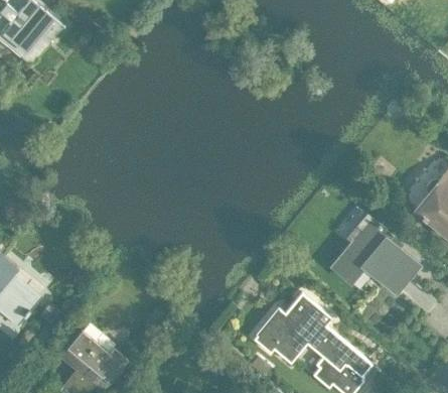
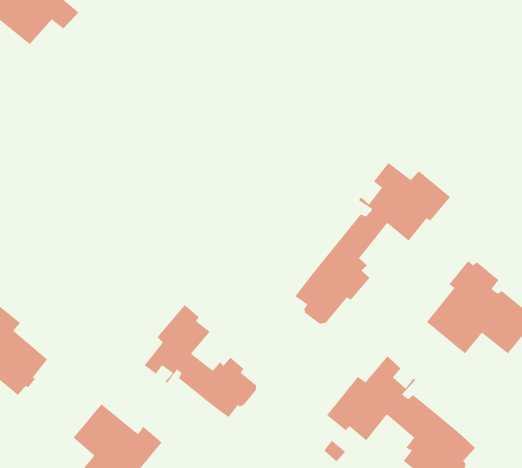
building: none -> [295,162,451,325]
building: none -> [144,304,256,418]

